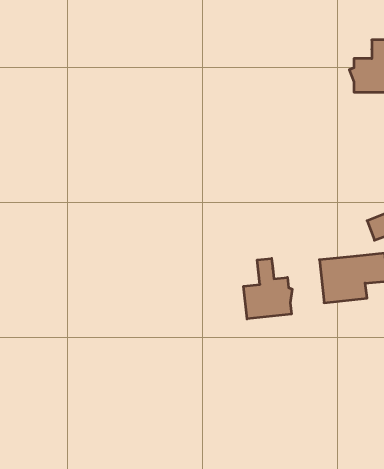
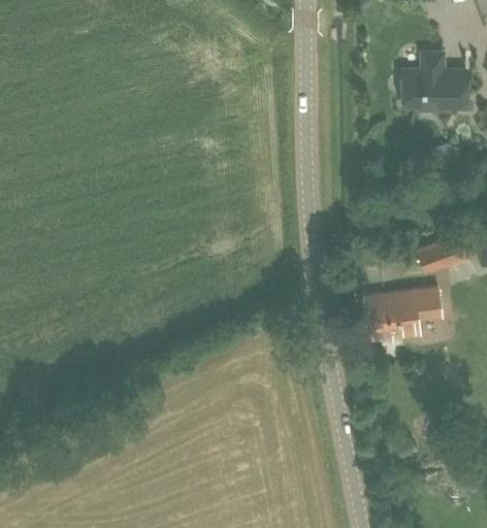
building: [244,258,292,319] -> none

